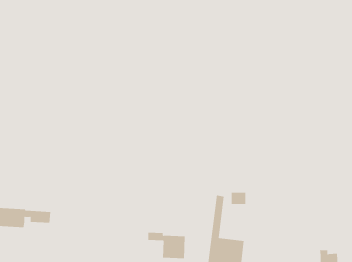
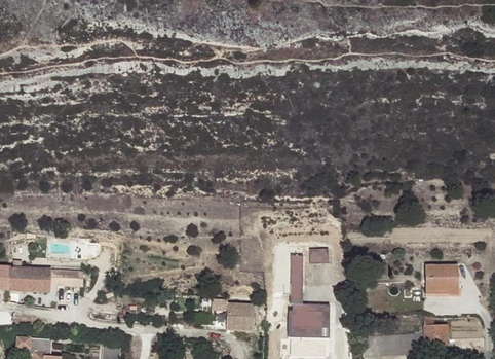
building: none -> [425,264,459,292]

